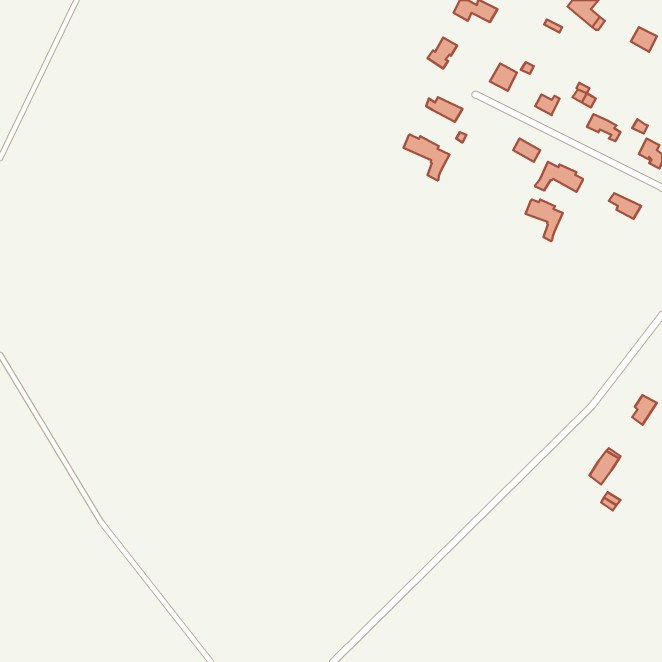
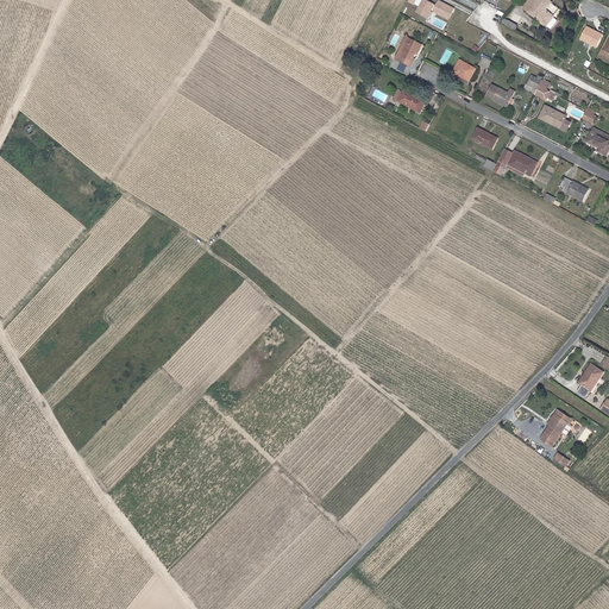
building: [403,134,449,181] -> none
building: [526,199,563,241] -> none

